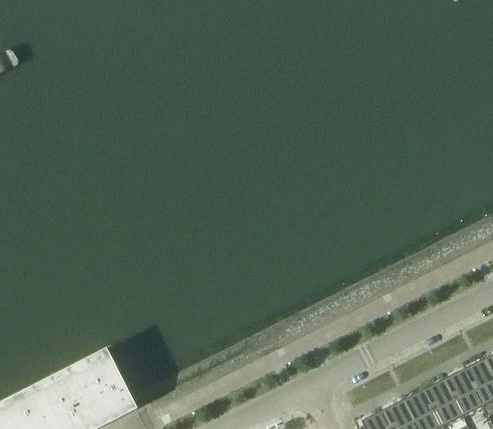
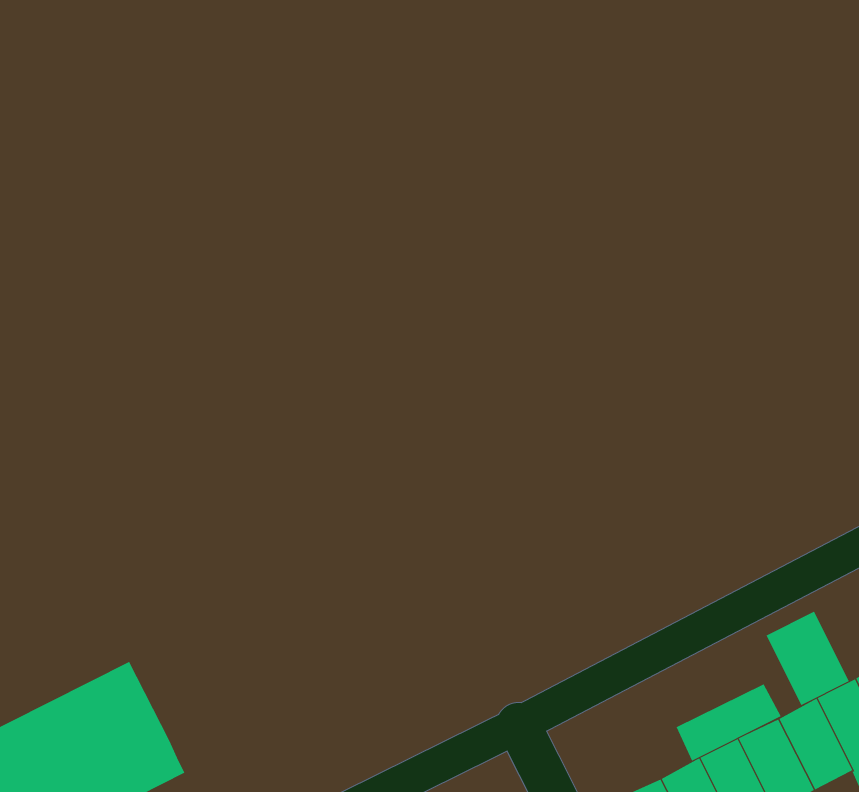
building: none -> [766,611,849,706]
building: none -> [676,684,781,761]

